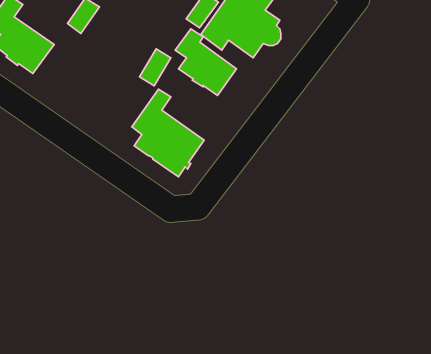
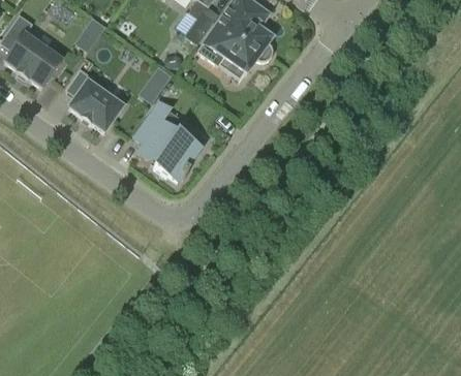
building: [175,29,236,96] -> [66,67,123,129]

